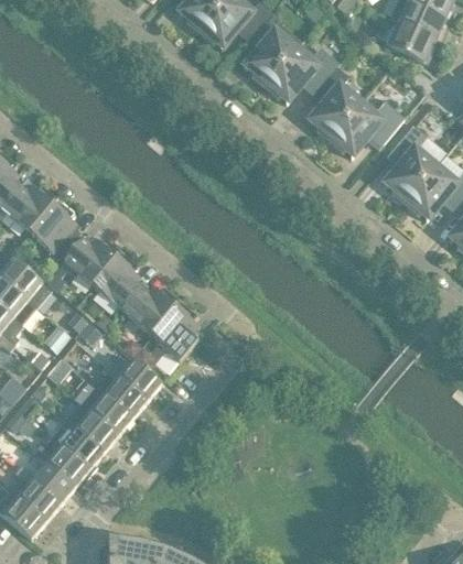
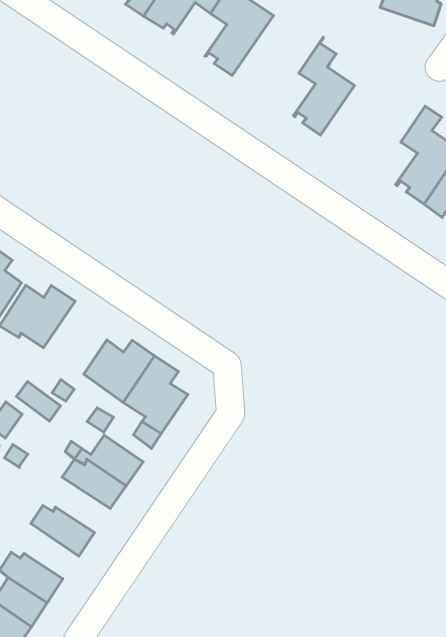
building: [262,48,337,104] -> none
building: [327,101,402,158] -> none
building: [91,252,142,311] -> none
building: [78,390,131,436] -> none
building: [50,424,103,470] -> none

